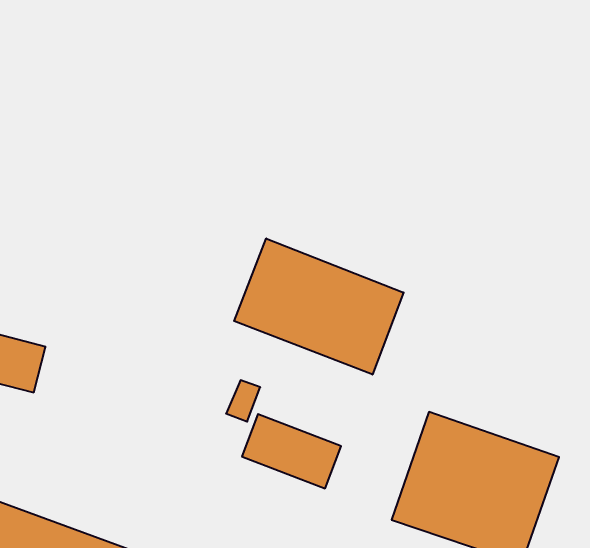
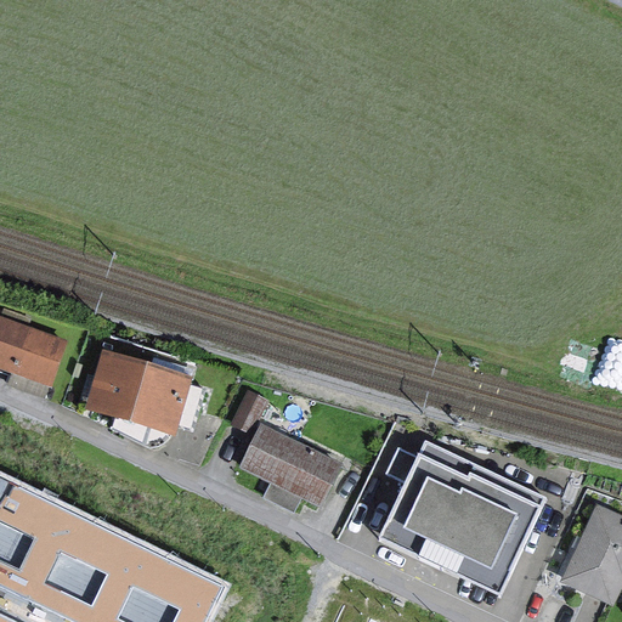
building: [234,238,404,375] -> none
building: none -> [85,351,197,431]

